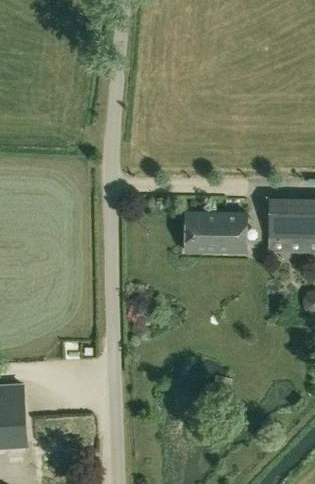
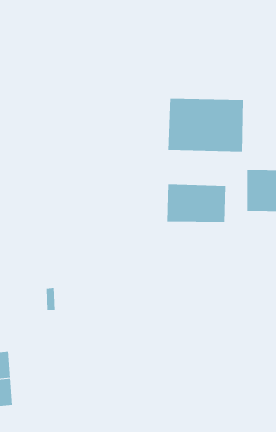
building: none -> [168,98,244,153]

